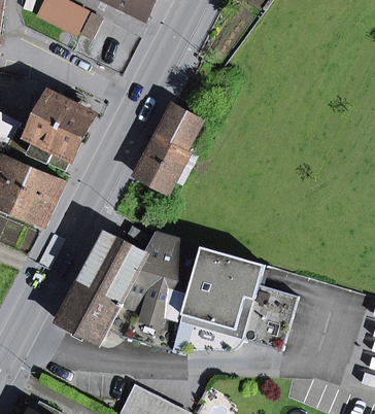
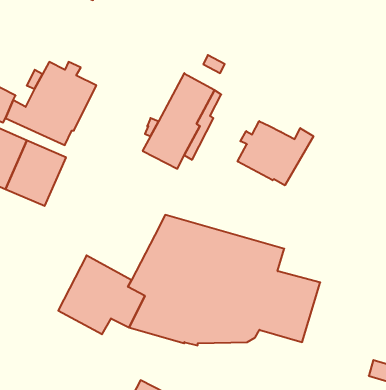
building: none -> [238,121,313,185]
building: [82,230,145,292] -> none

